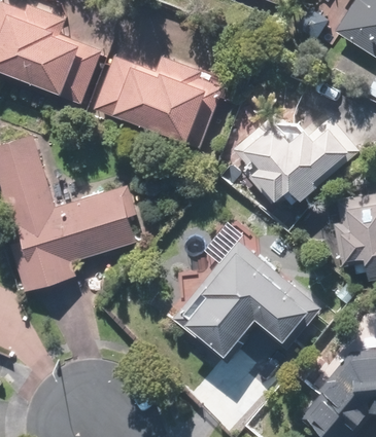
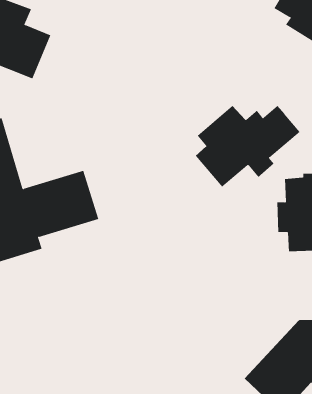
building: [93,52,211,139] -> none
building: [174,240,317,363] -> none

